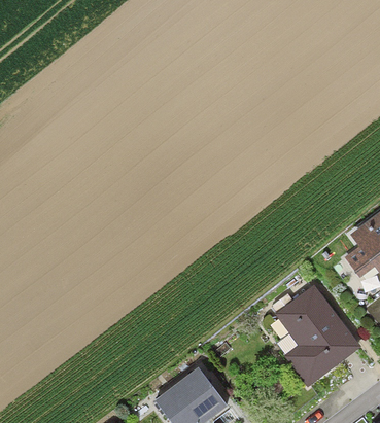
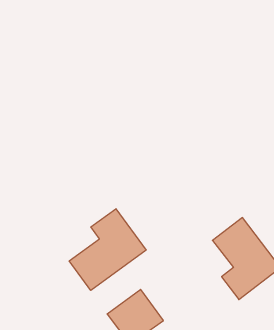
building: none -> [69,209,146,290]

